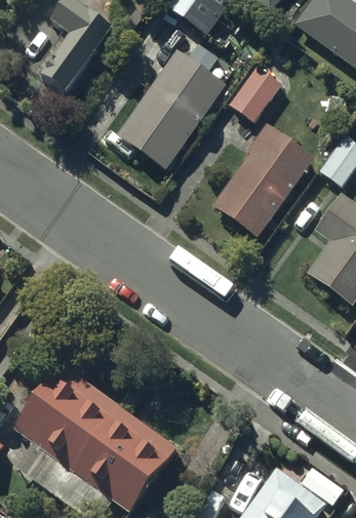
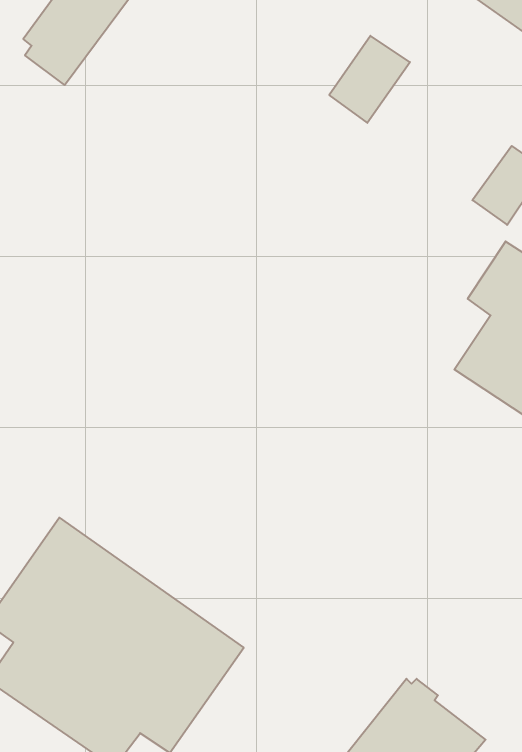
building: [118,50,226,167] -> none
building: [213,124,314,237] -> none

